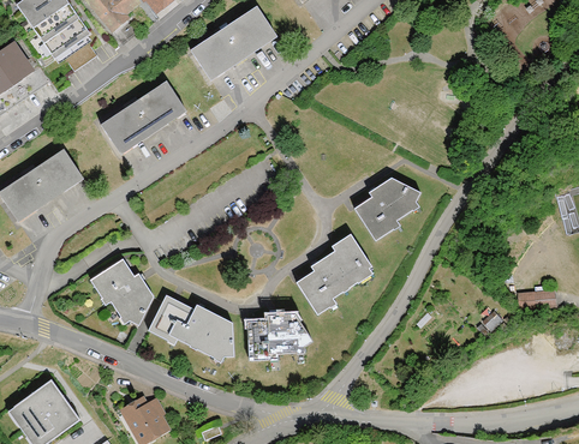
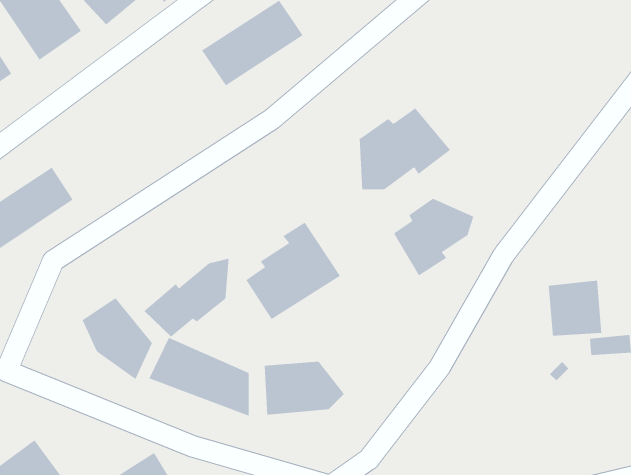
building: [101,82,185,152] -> none
building: none -> [359,107,451,190]
building: none -> [143,258,229,337]
building: [296,232,376,314] -> [246,222,341,320]
building: none -> [548,280,602,337]

